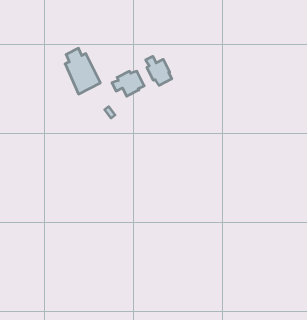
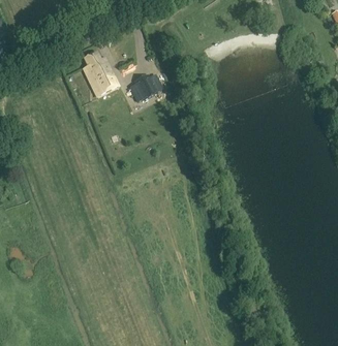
building: [146,56,172,85] -> none

